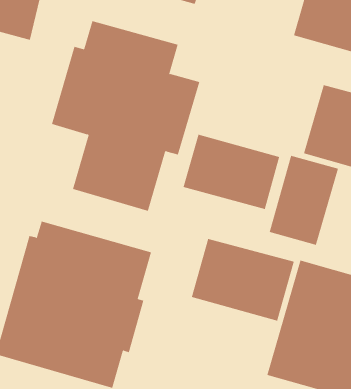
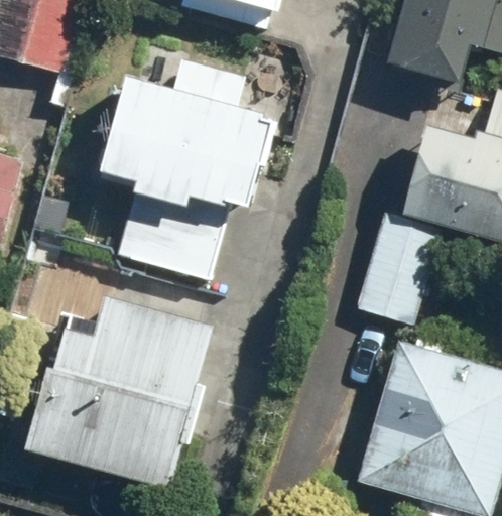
building: [183,134,280,210] -> none
building: [191,238,294,321] -> none

